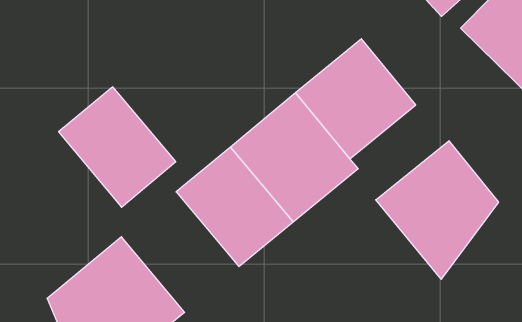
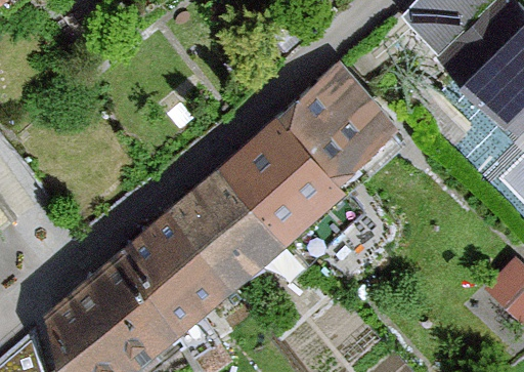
building: [59,87,176,207] -> [119,218,231,334]
building: [376,141,498,279] -> none

